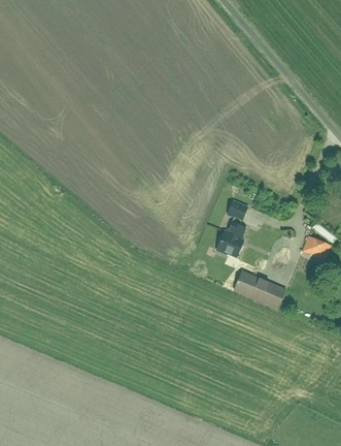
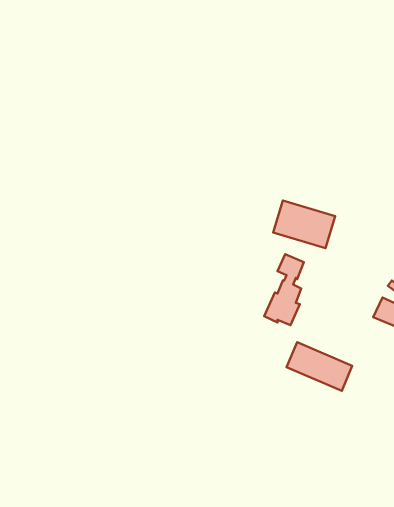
building: none -> [273,201,335,248]

